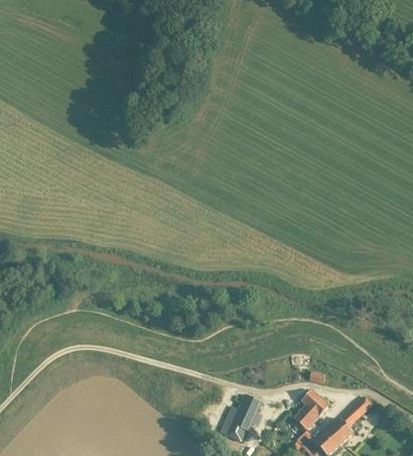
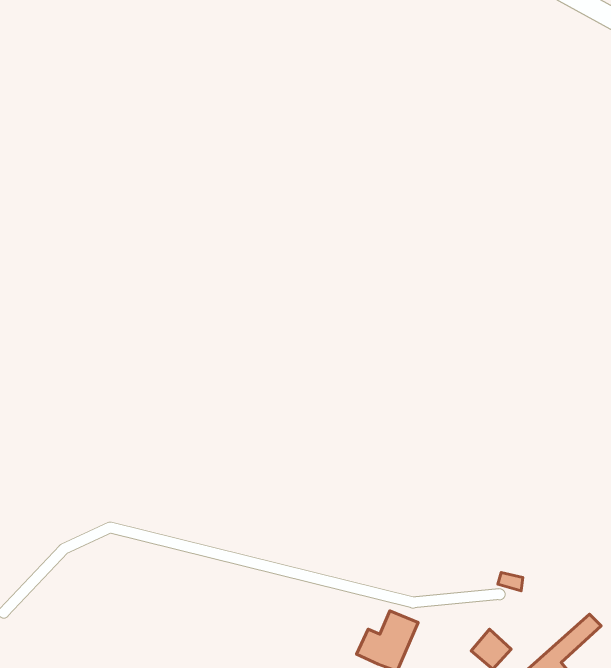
building: [302,390,329,419] -> none

